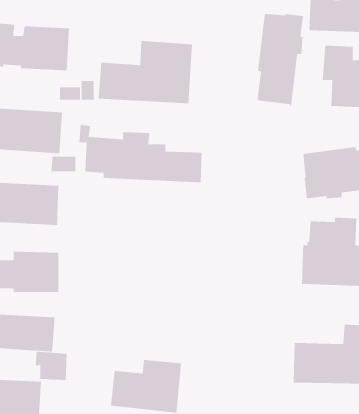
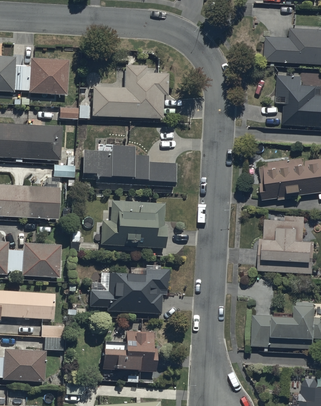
building: [257,13,303,106] -> none
building: none -> [100,200,169,250]
building: none -> [89,268,168,312]

